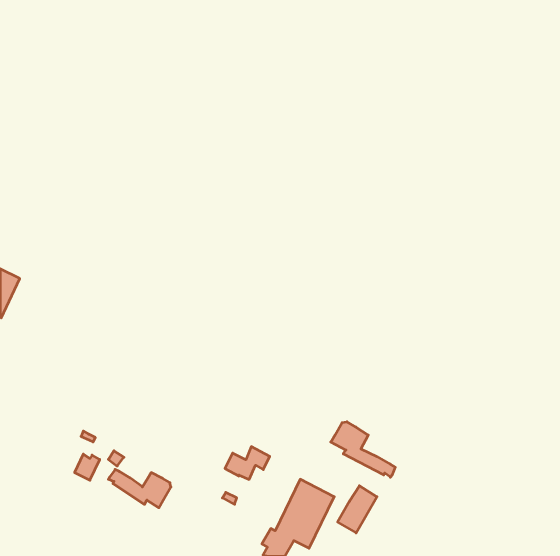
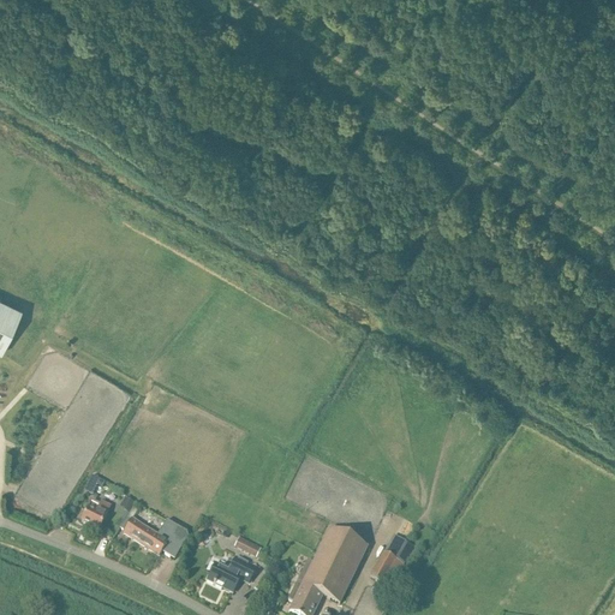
building: [331,422,395,477] -> none
building: [225,447,270,479] -> [207,553,256,589]

